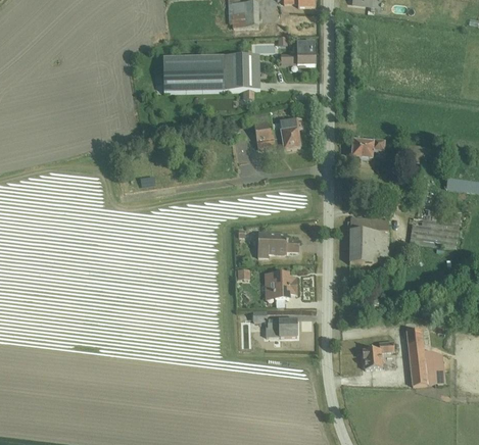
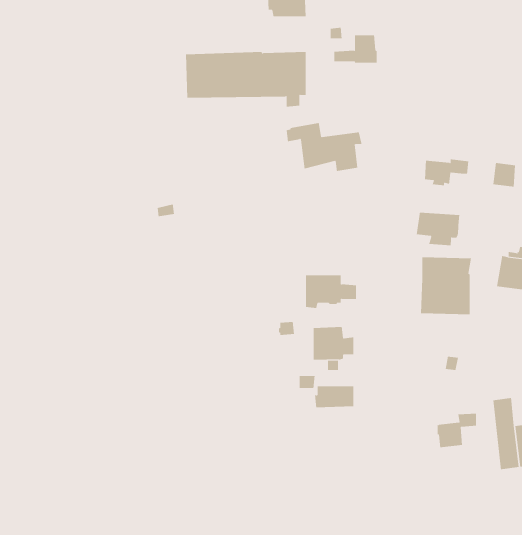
building: none -> [416,212,460,246]

